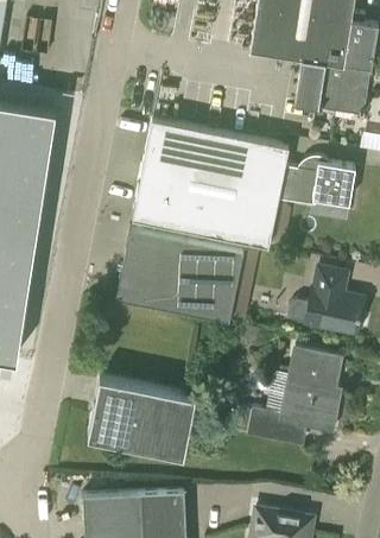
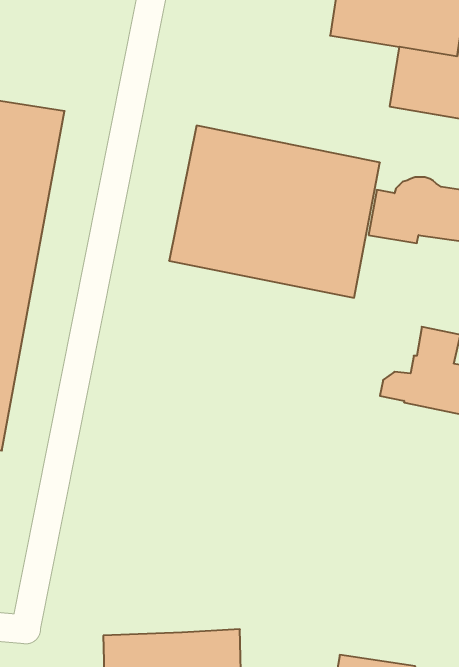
building: [118,230,245,324] -> none
building: [236,352,342,443] -> none
building: [89,380,196,458] -> none

